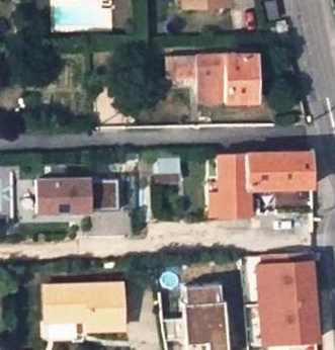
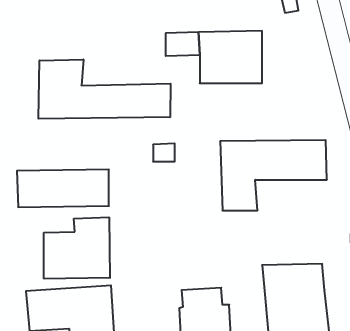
building: none -> [38,59,171,119]
building: none -> [44,217,110,279]

